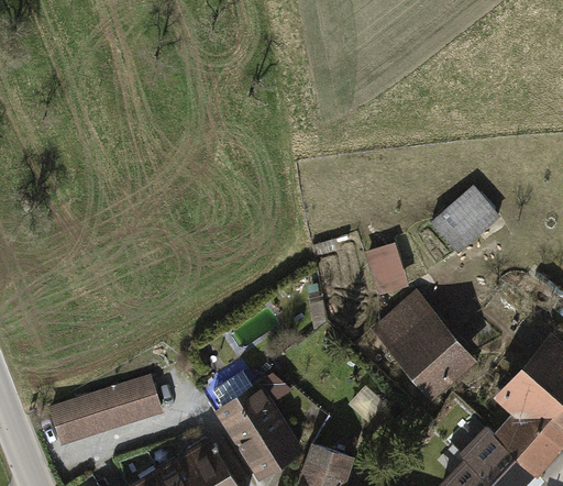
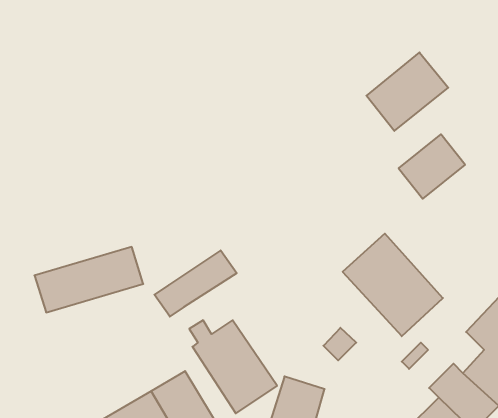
building: none -> [366,52,448,131]
building: [366,245,408,298] -> none
building: none -> [154,250,237,317]
building: [49,379,163,448] -> [34,247,143,312]

